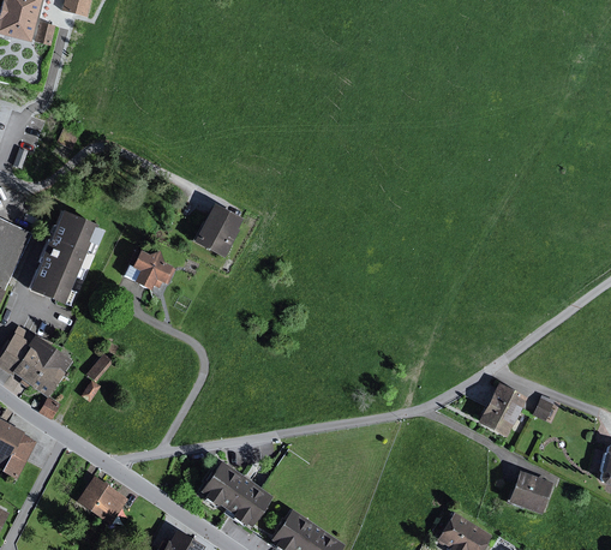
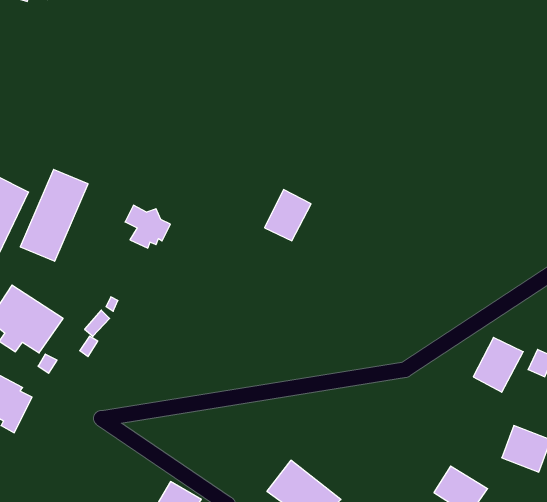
building: [196,204,242,256] -> [265,190,311,241]
building: [199,458,276,528] -> none
building: [73,478,124,525] -> none

